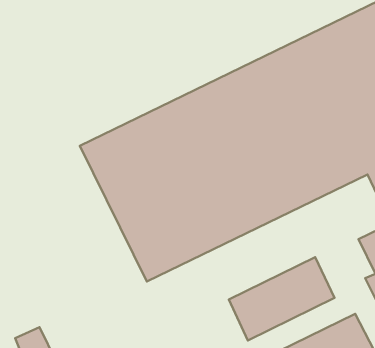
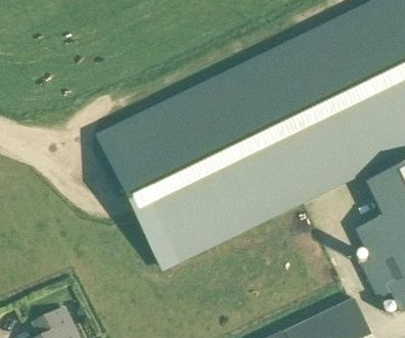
building: [229,257,334,340] -> none

